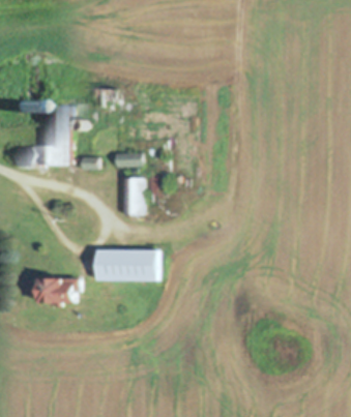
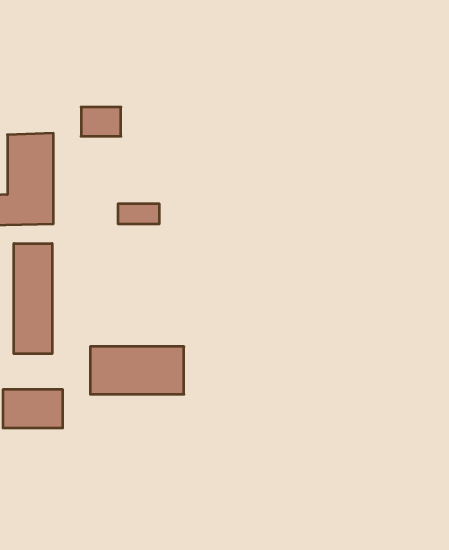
building: [122,177,143,214] -> none
building: none -> [14,243,52,354]

